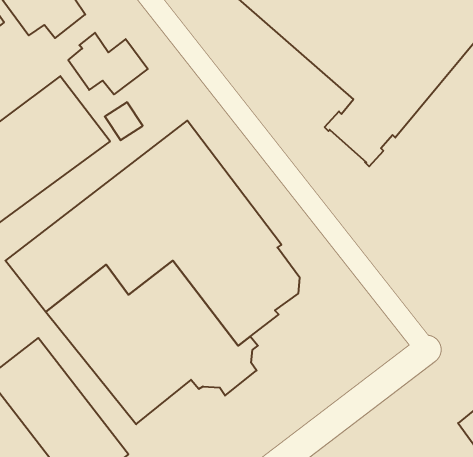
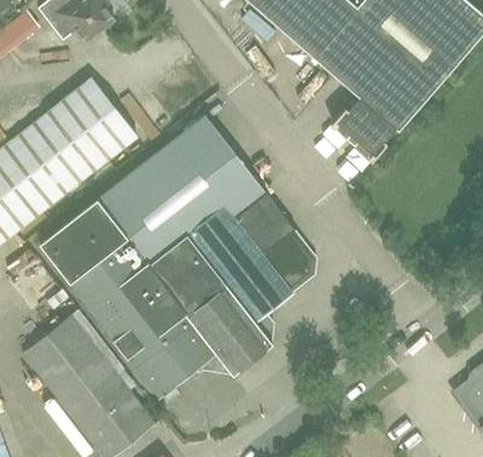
building: [68,33,148,94] -> none

